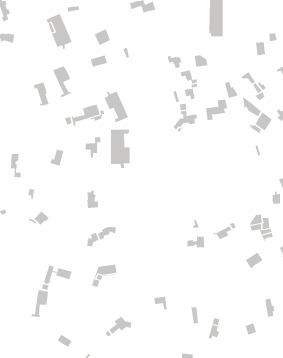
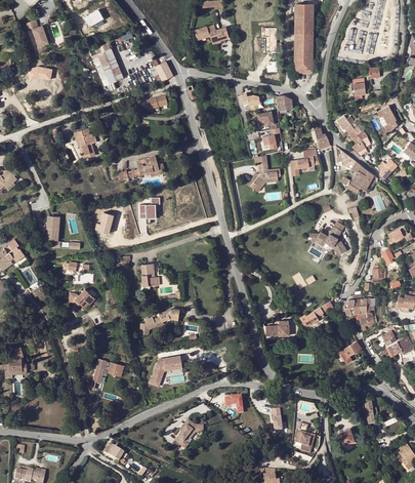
building: [52,65,72,98] -> none
building: [104,91,129,123] -> none
building: [110,129,130,169] -> none
building: none -> [308,223,346,255]
building: [31,290,48,318] -> none

